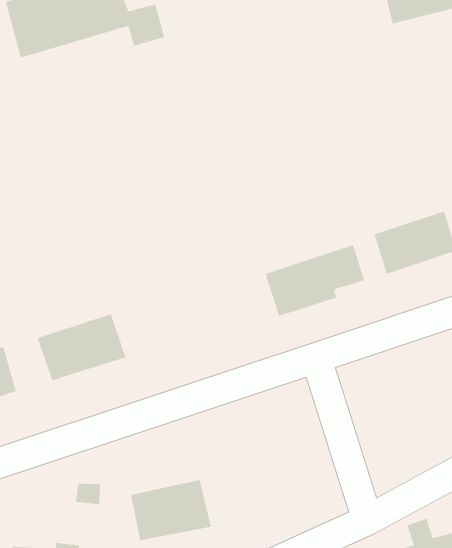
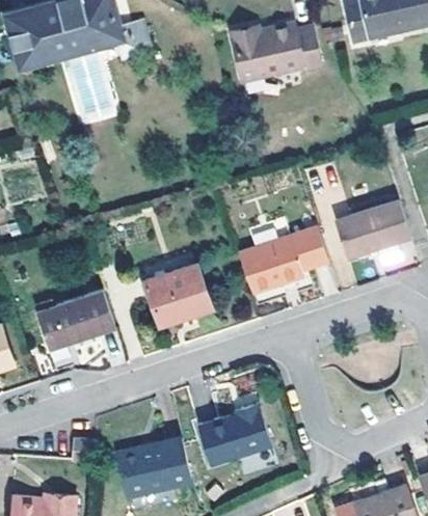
building: none -> [232,21,320,80]
building: none -> [143,262,210,326]
building: none -> [203,407,277,467]

